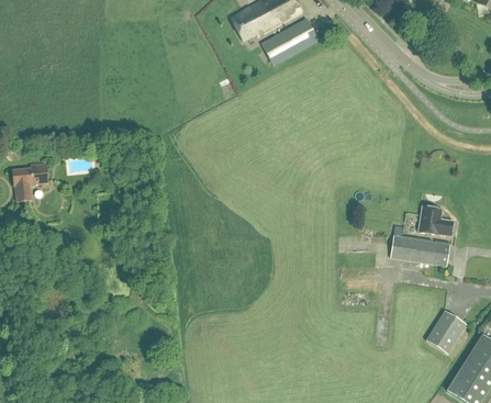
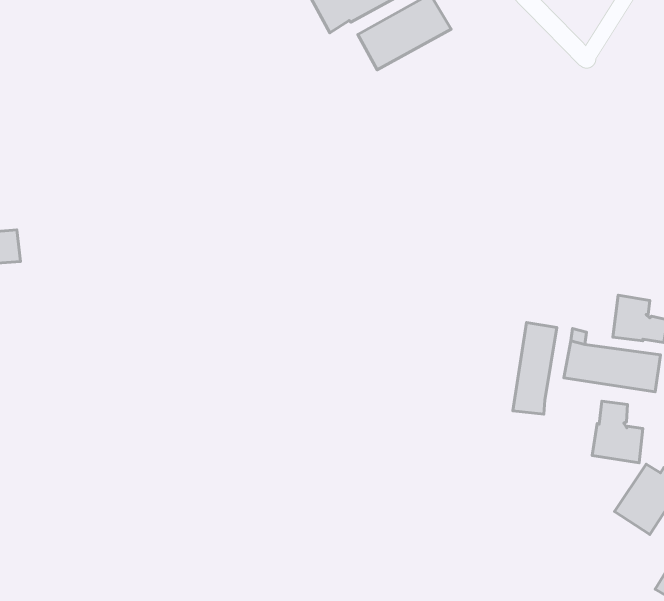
building: none -> [513,322,557,414]
building: none -> [592,401,643,463]

